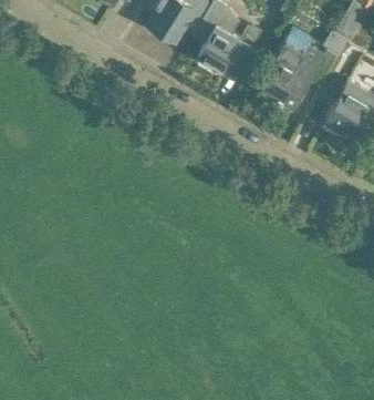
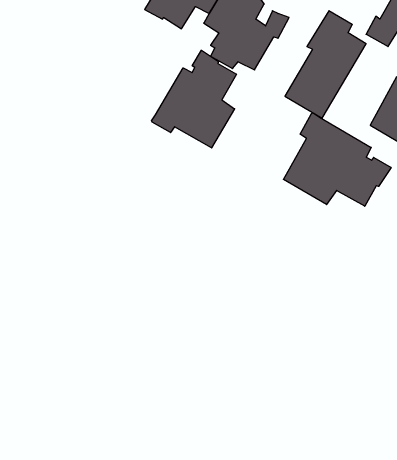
building: none -> [152,50,236,148]
building: none -> [283,113,391,206]

